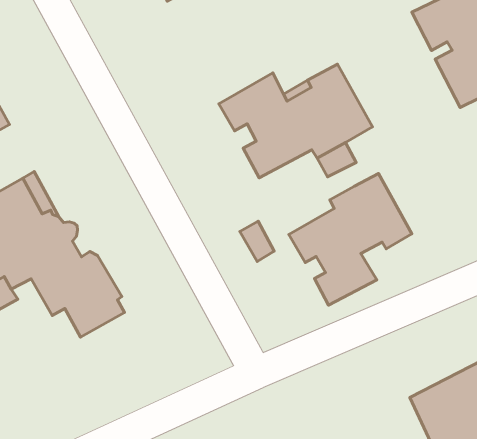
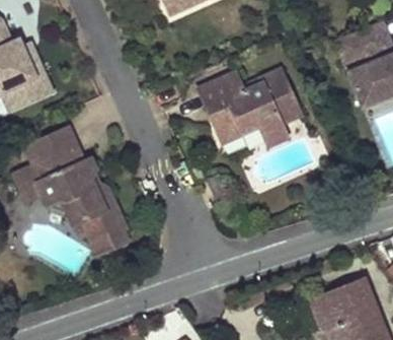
building: [289,173,412,305] -> none

